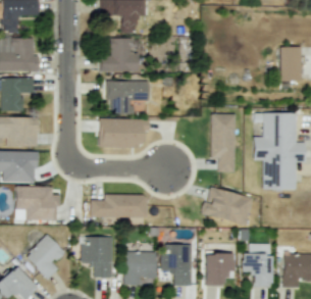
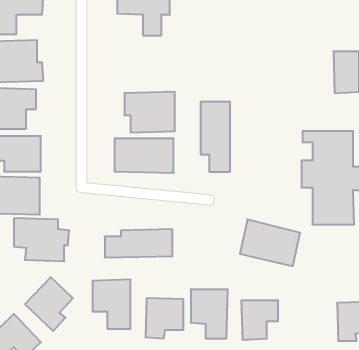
building: [101,37,140,71] -> none
building: [211,113,236,171] -> [201,102,230,172]
building: [243,243,272,287] -> none

